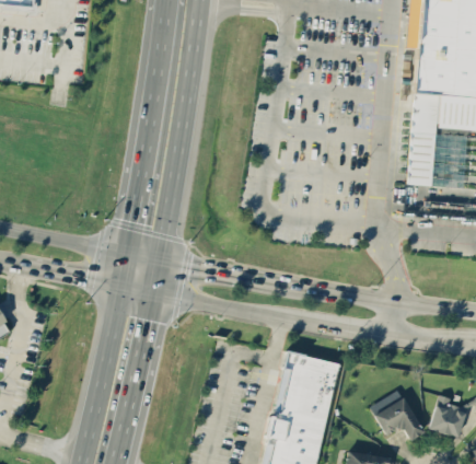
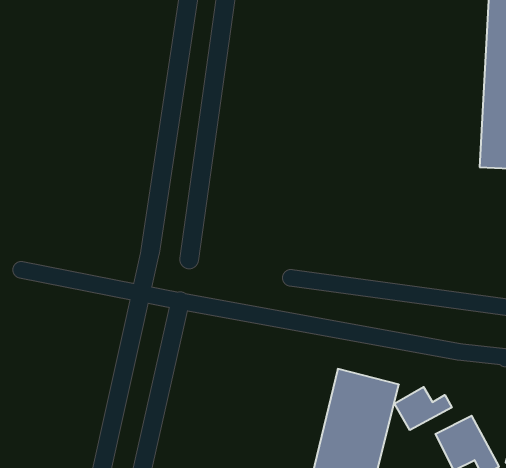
building: none -> [395,387,452,430]

